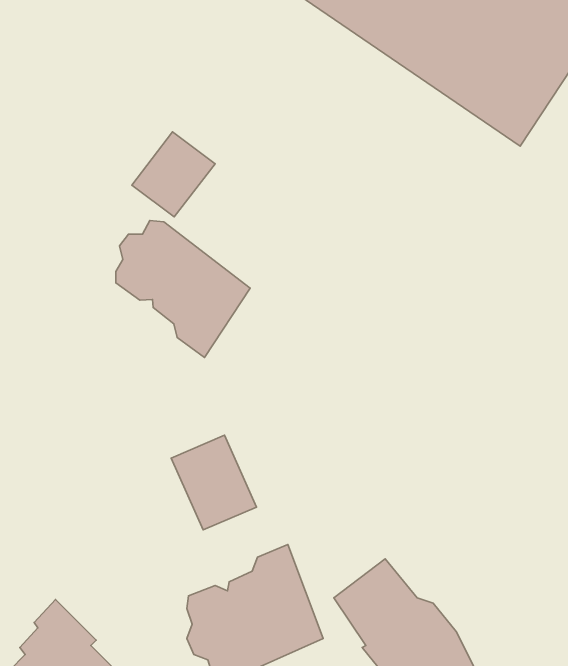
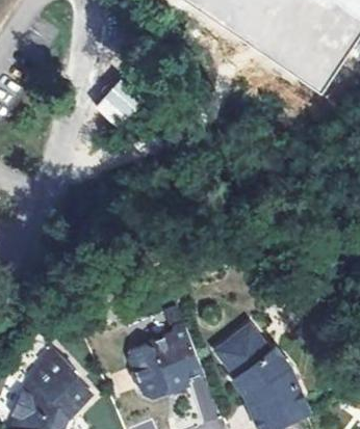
building: [116,221,250,358] -> none
building: [171,435,257,530] -> none

